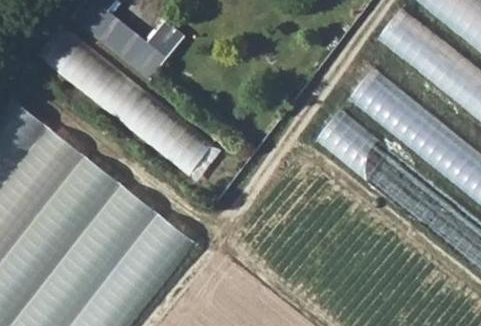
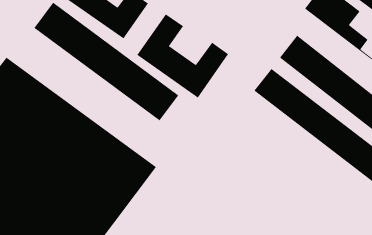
building: none -> [137,13,229,99]

